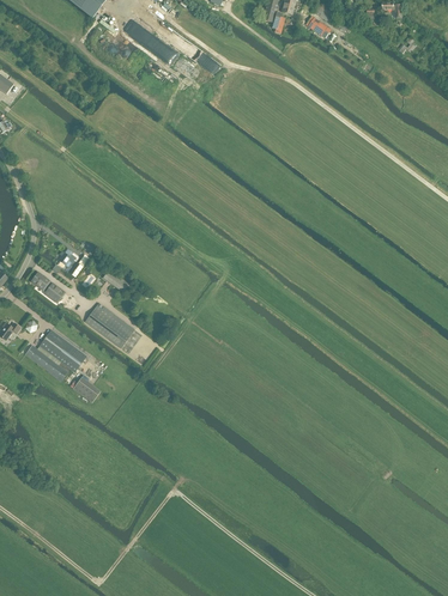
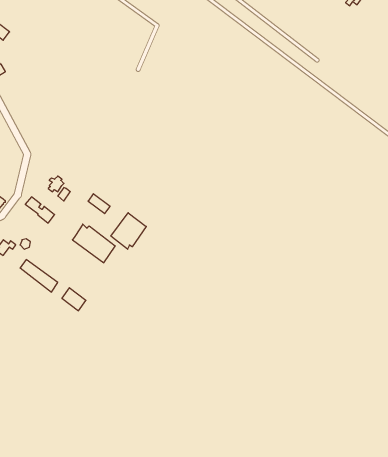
building: none -> [111,213,146,249]
building: [38,329,85,371] -> none

